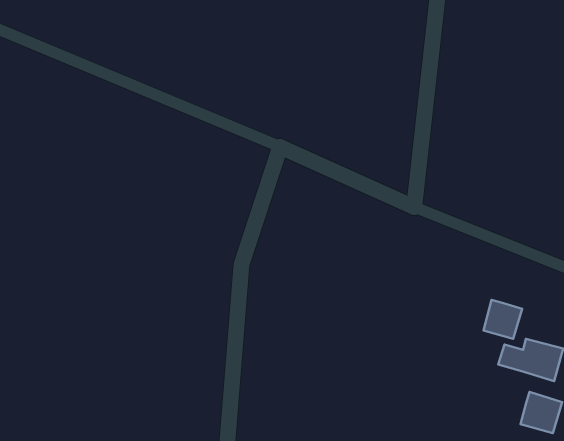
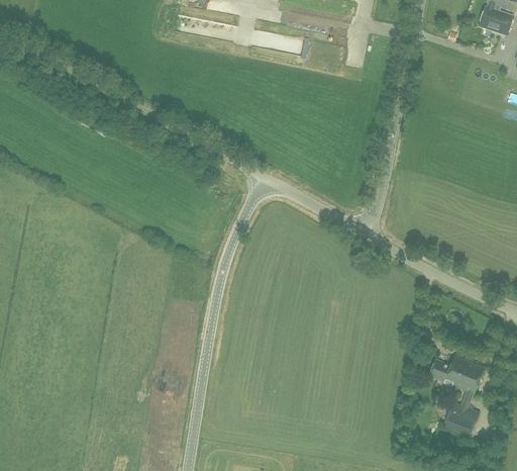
building: [484,300,522,339] -> none

